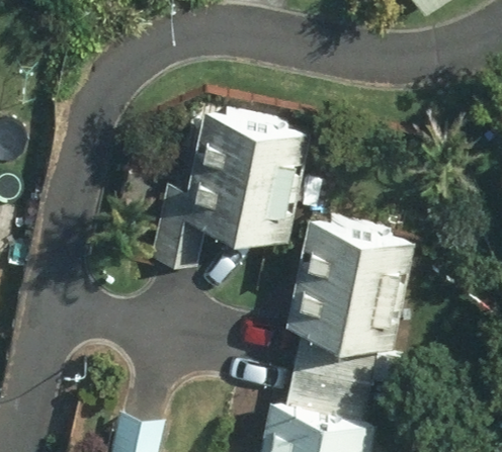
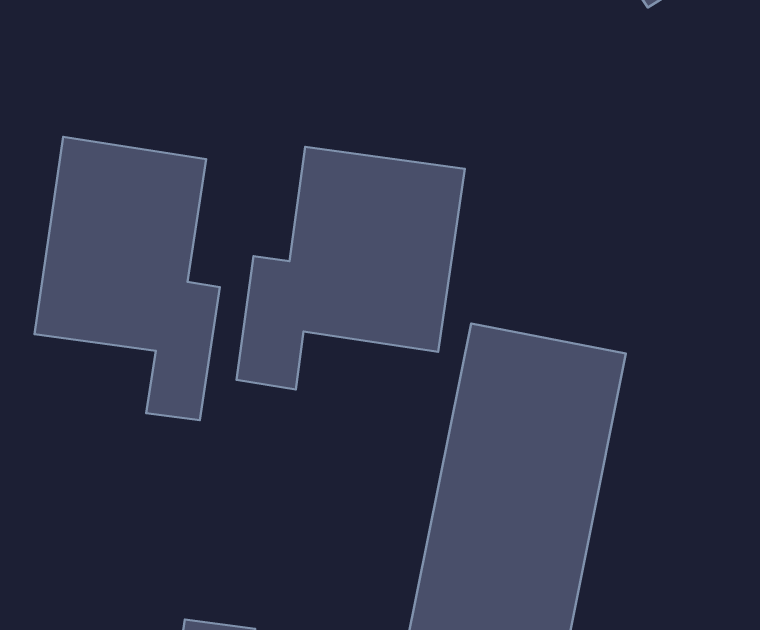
building: none -> [35,137,220,420]

